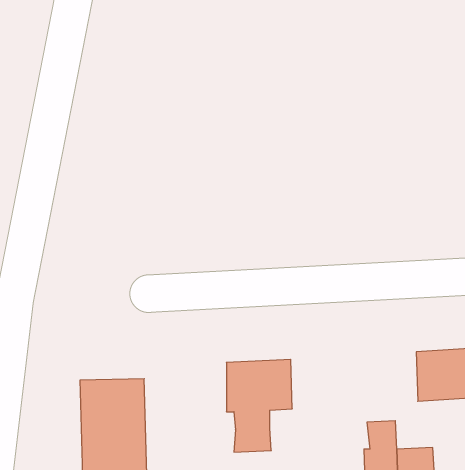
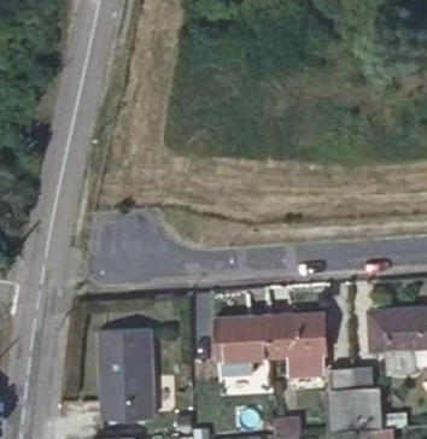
building: none -> [268,311,329,373]

